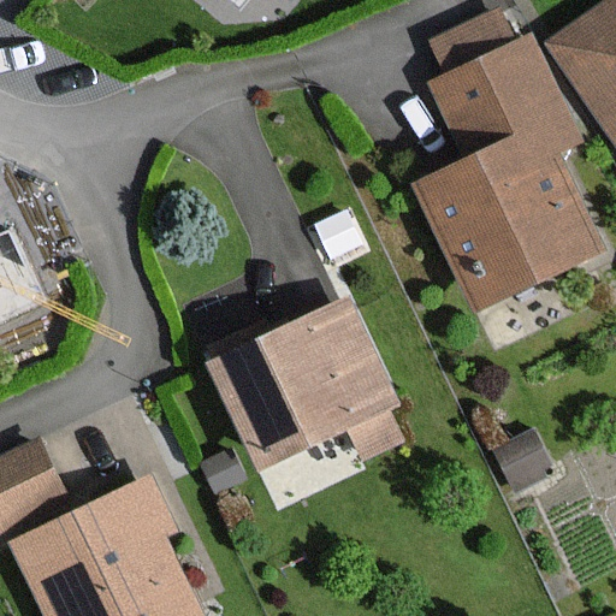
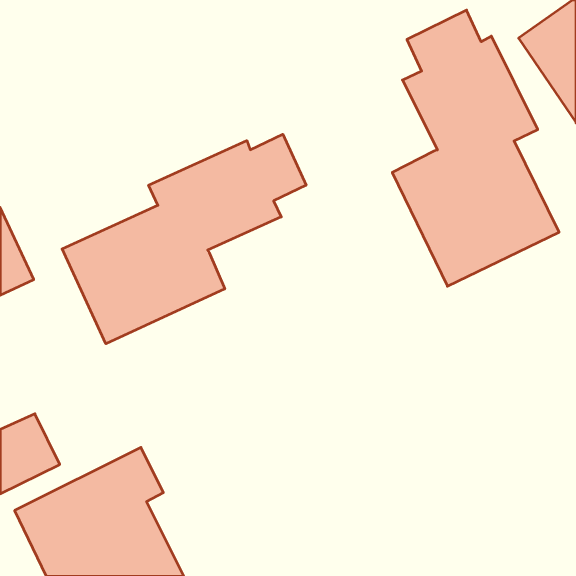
building: none -> [62,134,306,344]
building: [219,306,395,460] -> none

